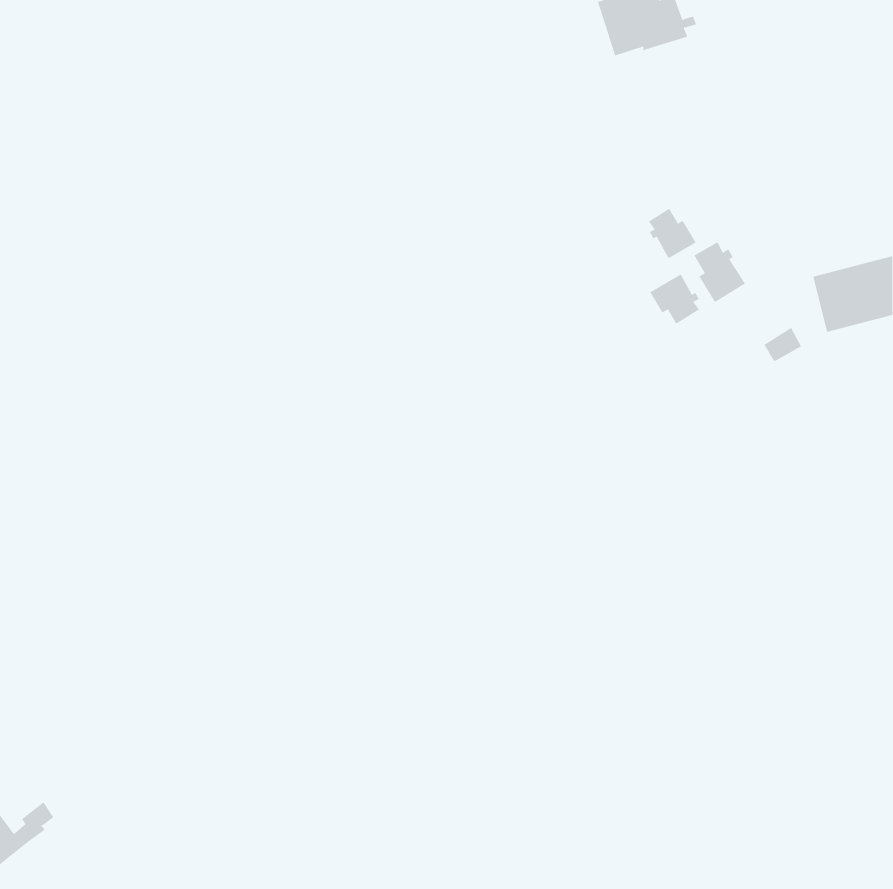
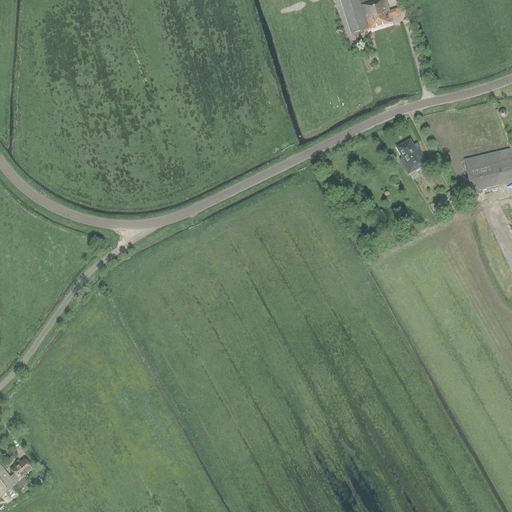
building: [648,208,696,259] -> none
building: [650,274,700,324] -> none

